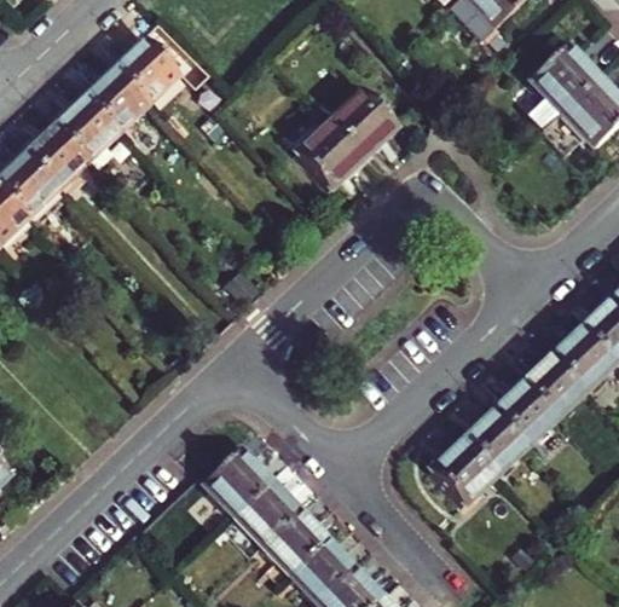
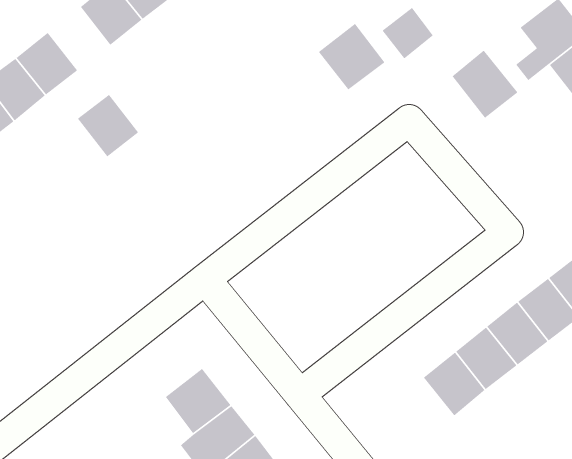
building: none -> [381,7,434,59]
building: [53,97,117,161] -> [77,94,139,157]
building: none -> [451,50,518,119]
building: [293,121,360,190] -> none
building: [427,439,496,507] -> none

